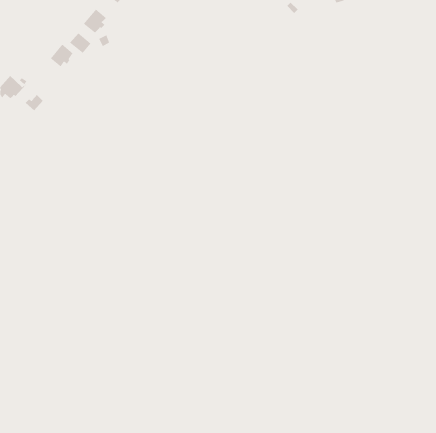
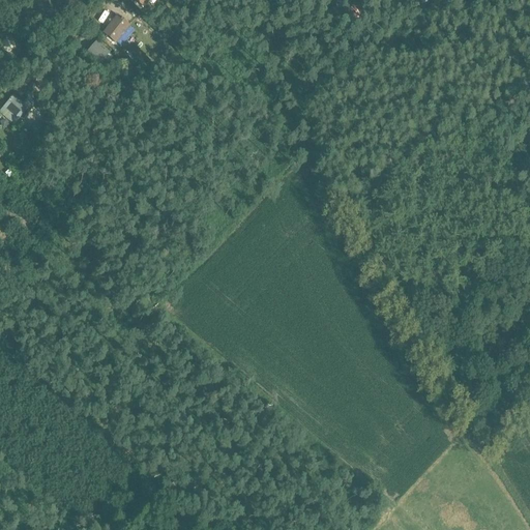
building: [50,43,74,68] -> none

